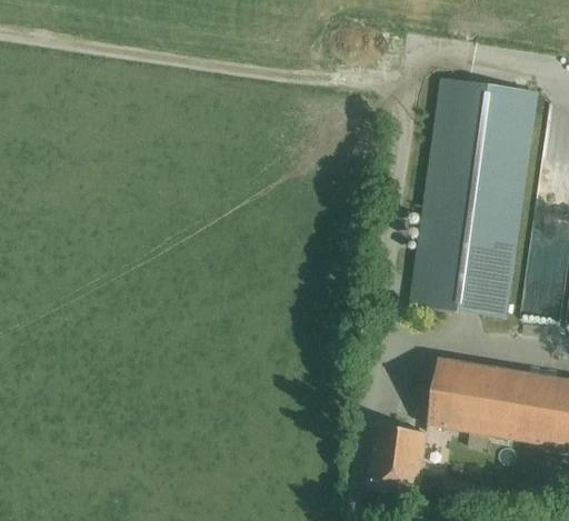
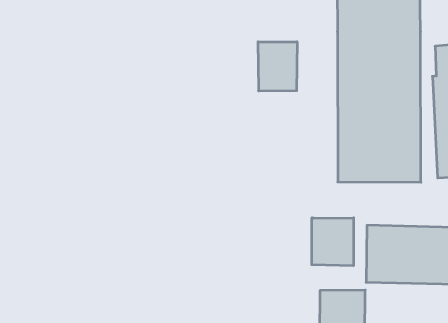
building: none -> [258,42,297,91]
building: none -> [312,218,354,266]

